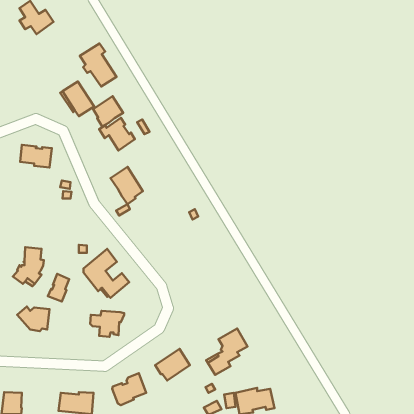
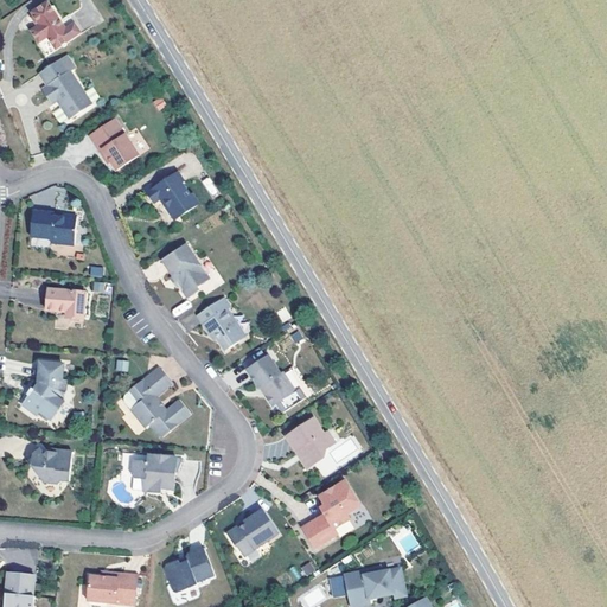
building: [80,44,117,87] -> [37,55,90,117]
building: [93,96,123,127] -> none
building: none -> [44,288,84,318]
building: none -> [197,296,245,350]
building: none -> [247,353,306,411]
building: [48,274,69,302] -> none
building: none -> [287,416,336,466]

